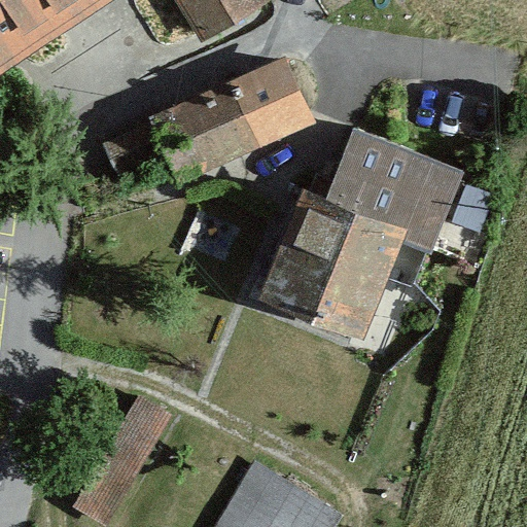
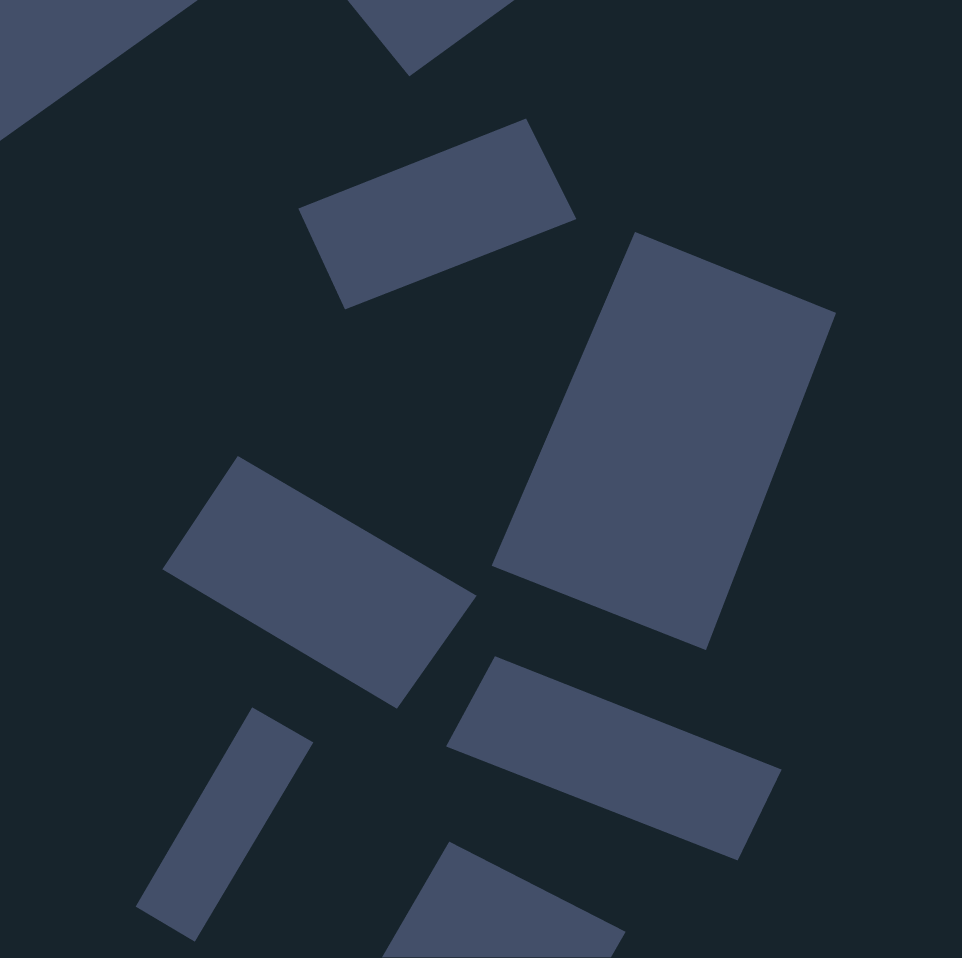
building: none -> [161,455,478,710]
building: none -> [445,655,783,861]

